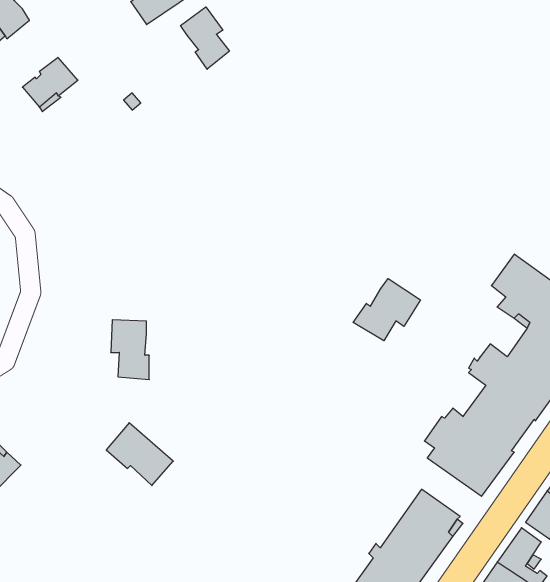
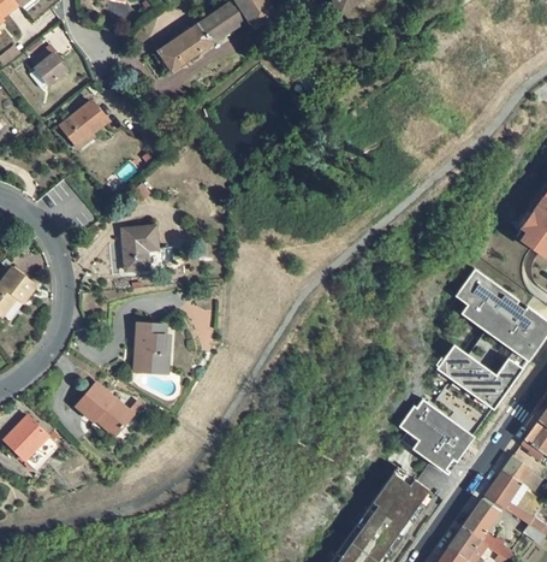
building: [181,7,229,69] -> none
building: none -> [123,227,157,271]
building: [353,279,420,341] -> none
building: [106,423,173,486] -> [77,383,133,436]

